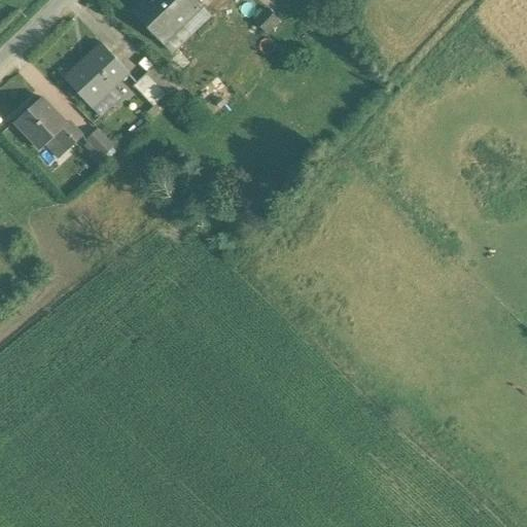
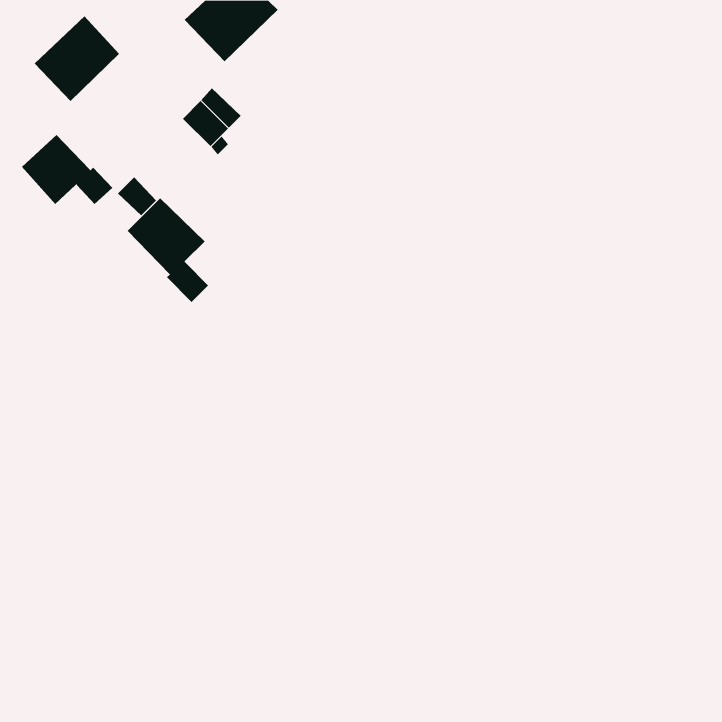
building: [65,44,128,107] -> [34,16,120,102]
building: none -> [127,197,209,303]

